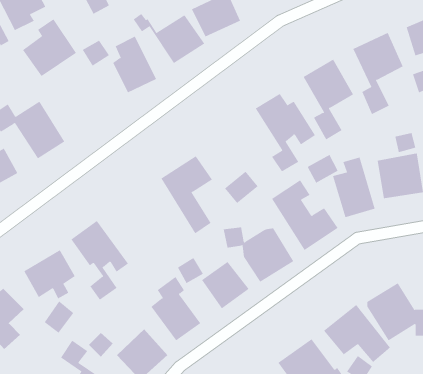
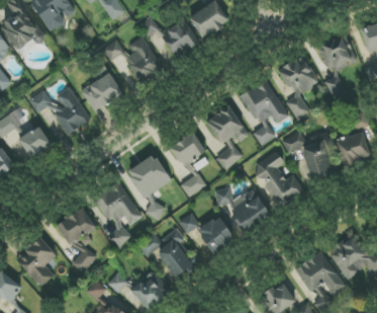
building: [22,18,77,77] -> [80,66,123,112]
building: none -> [205,105,248,145]
building: none -> [126,155,169,219]

